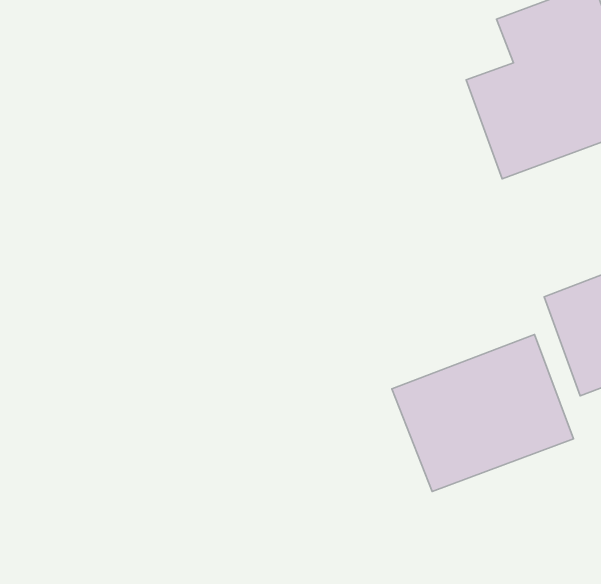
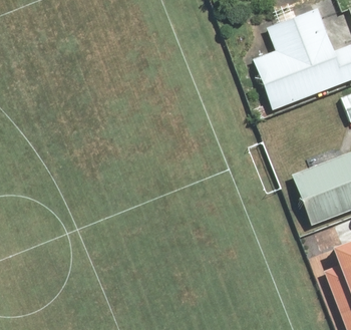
building: [392,335,573,492] -> none

